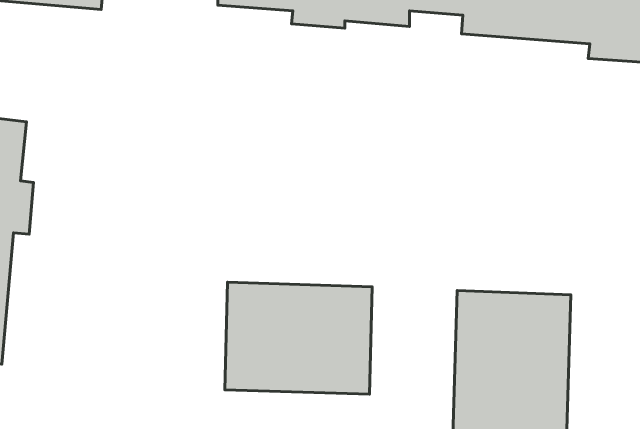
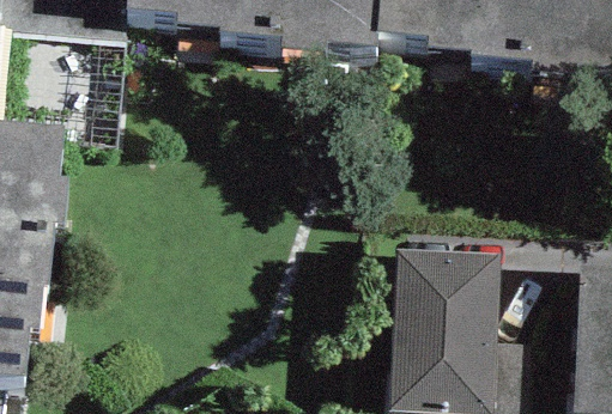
building: [225,282,372,394] -> none

